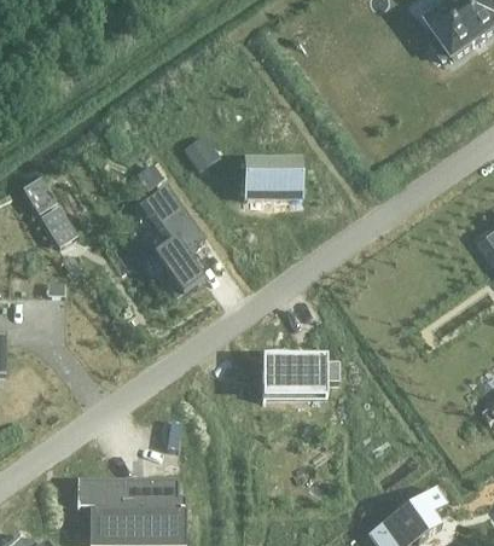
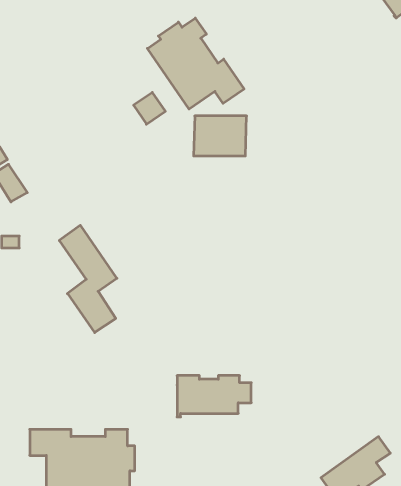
building: none -> [147,18,244,109]
building: [139,176,198,286] -> [59,225,117,333]
building: [262,354,338,396] -> [177,376,251,417]

